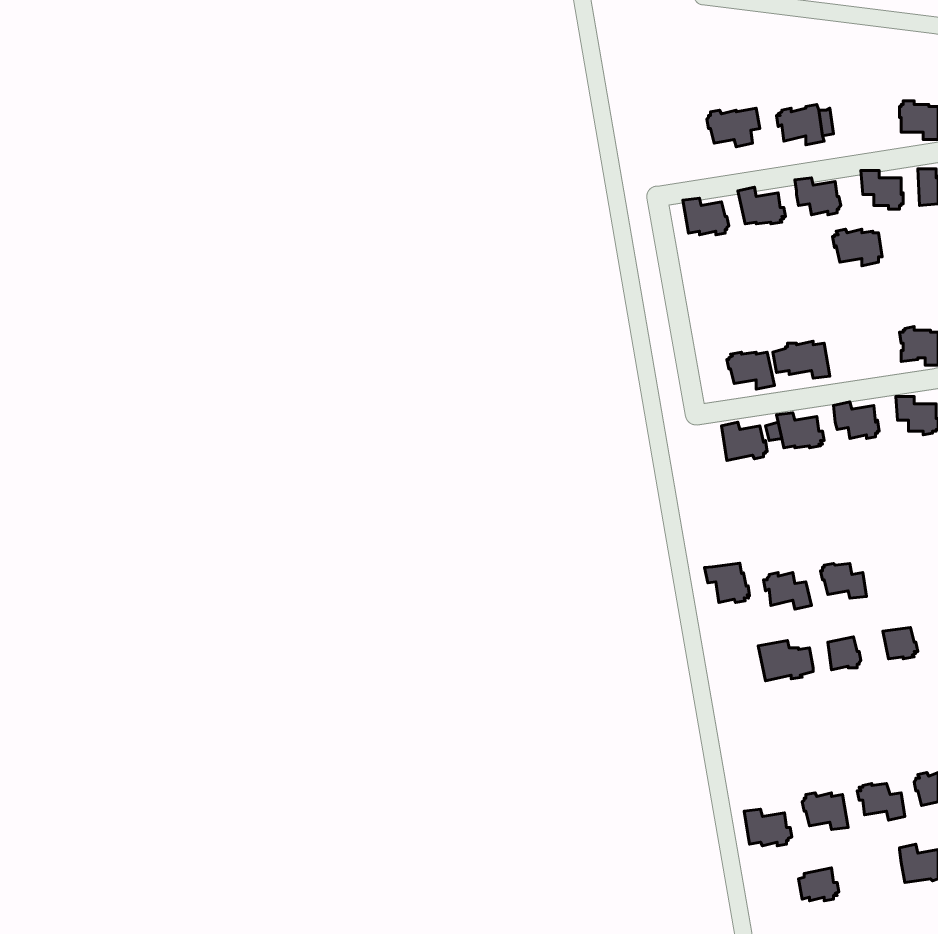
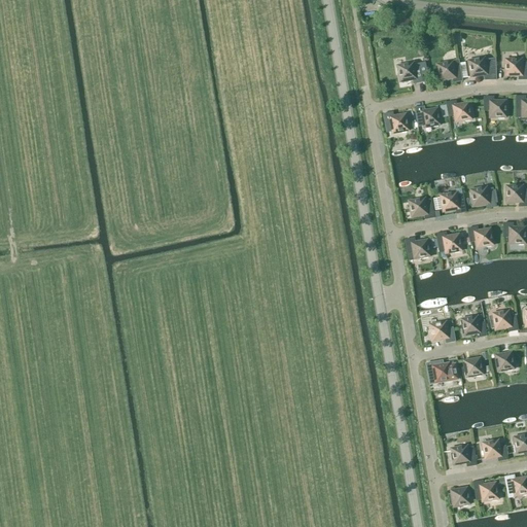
building: none -> [467,57,495,77]
building: [833,229,882,266] -> [469,186,497,207]
building: none -> [489,310,518,330]
building: [704,563,750,602] -> none
building: [744,809,792,846] -> [472,480,499,500]

